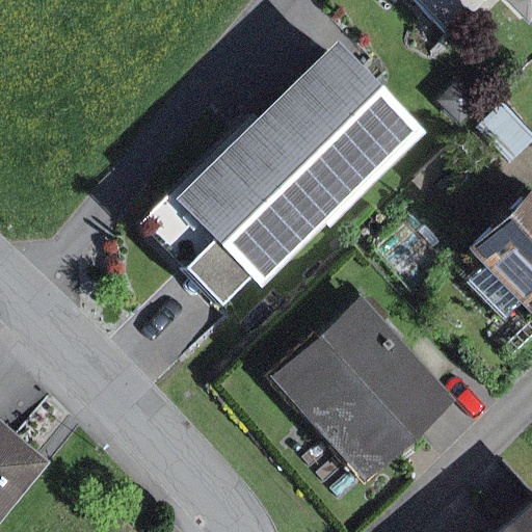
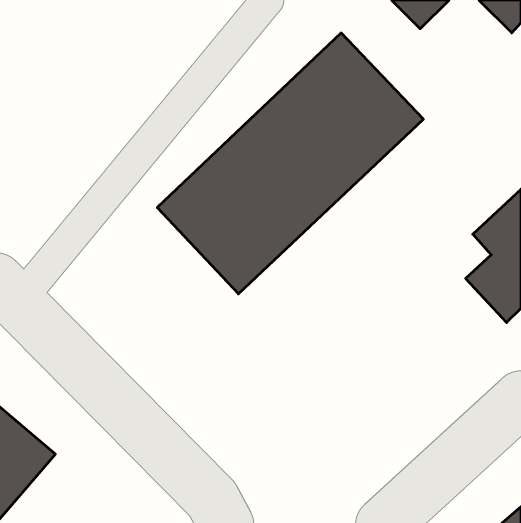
building: [267,294,456,484] -> none

